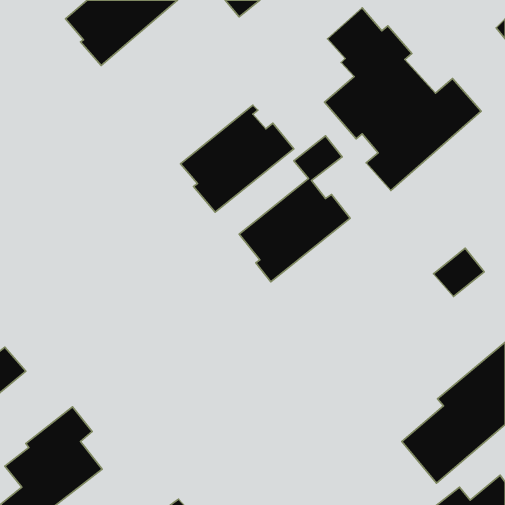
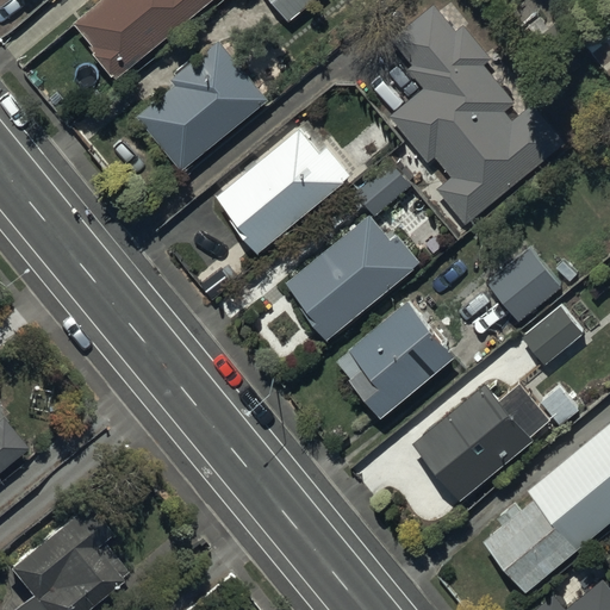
building: none -> [138,46,269,178]
building: none -> [487,243,560,315]
building: none -> [338,306,456,422]
building: none -> [411,373,548,492]

